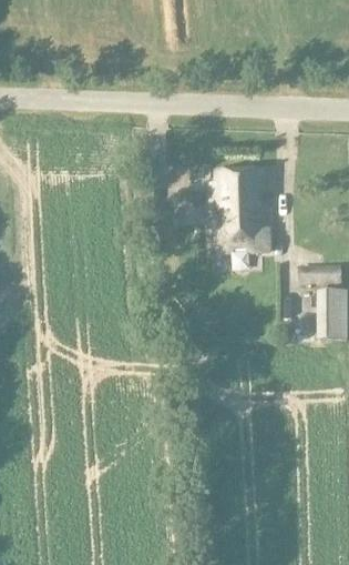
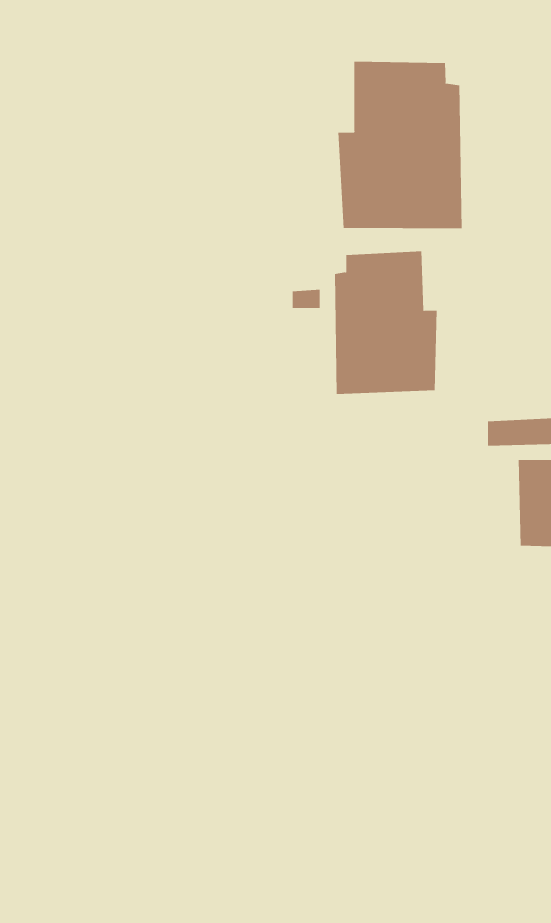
building: none -> [338,61,462,229]

